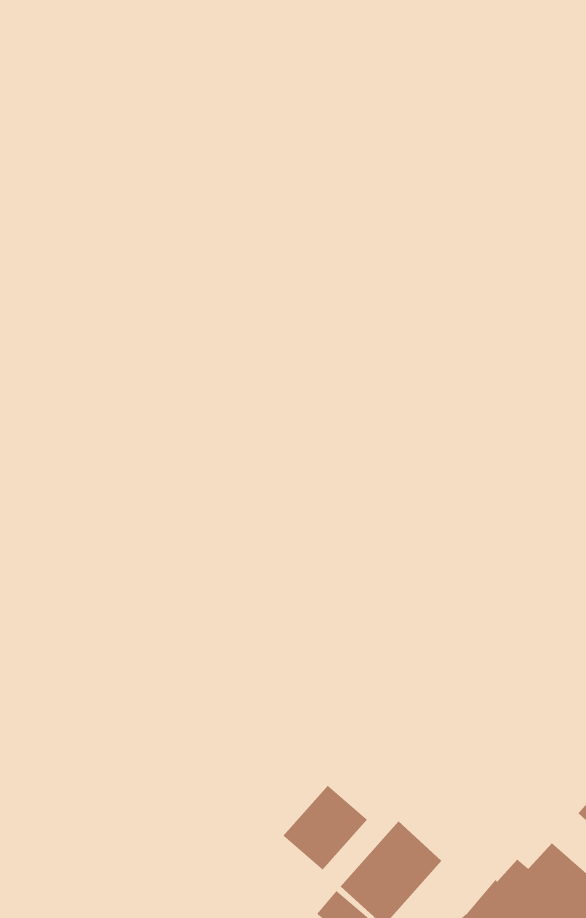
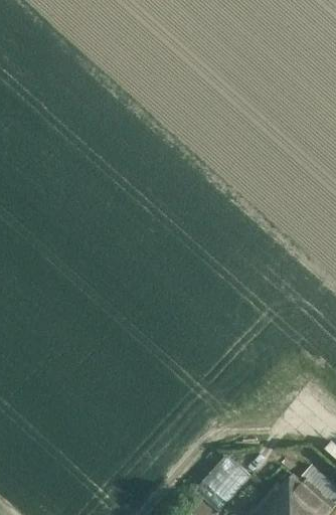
building: [282,785,368,871] -> none

